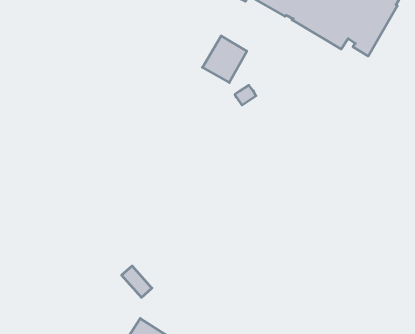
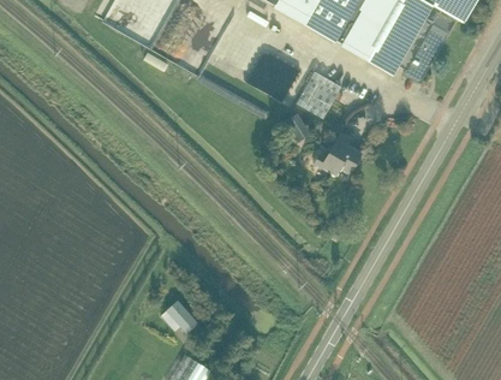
building: [202,36,247,83] -> [296,71,341,119]
building: none -> [312,132,362,174]

